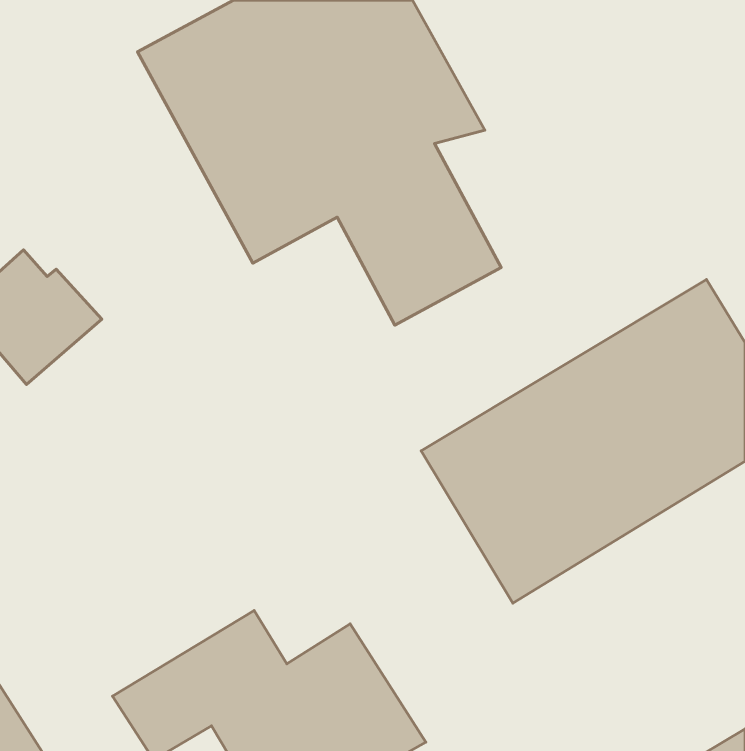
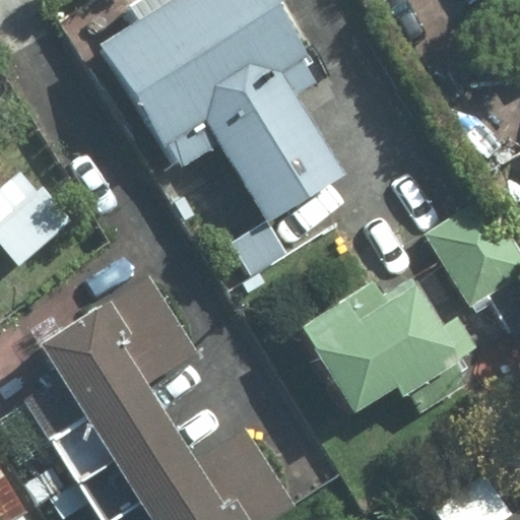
building: none -> [42,277,194,481]

